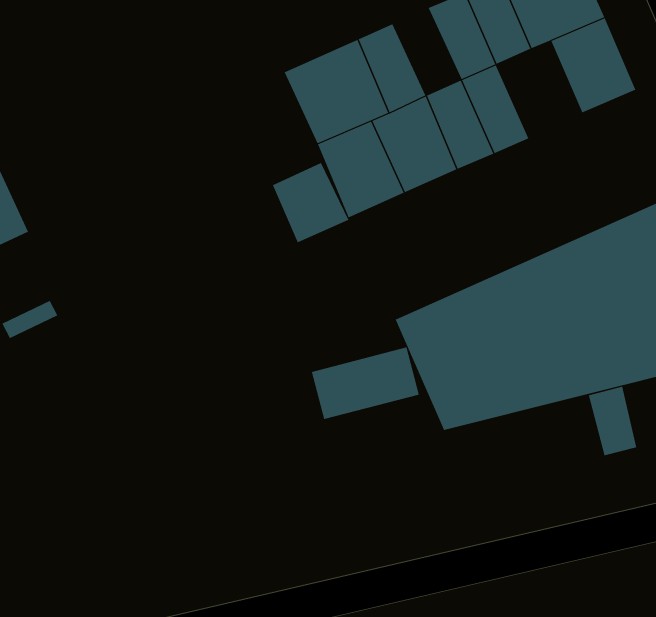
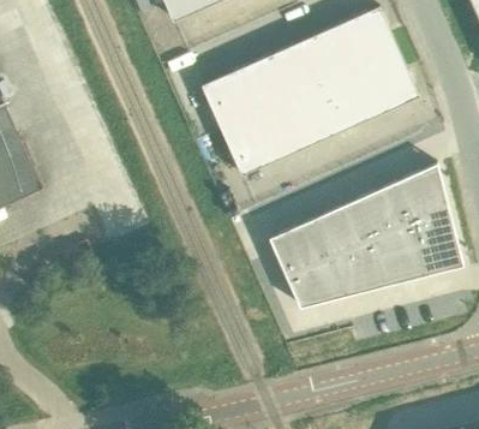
building: none -> [269,46,311,100]
building: none -> [333,66,385,126]
building: [272,162,349,243] -> none
building: [311,347,420,420] -> none
building: [588,386,637,456] -> none

